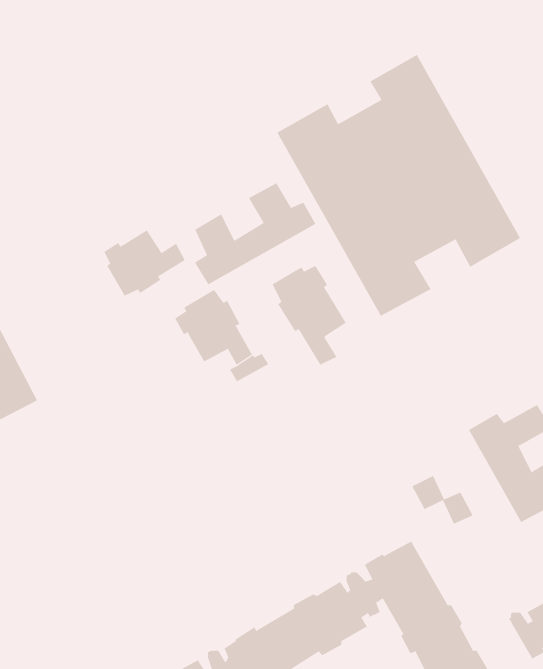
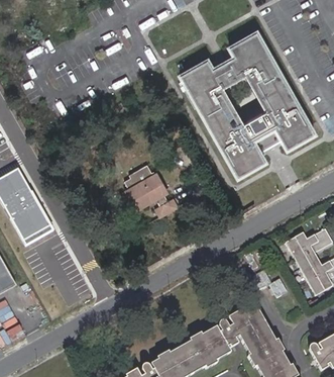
building: [194,182,316,285] -> none
building: [103,229,185,296] -> none
building: [272,265,346,366] -> none

